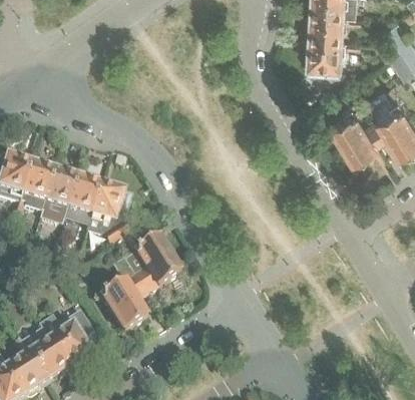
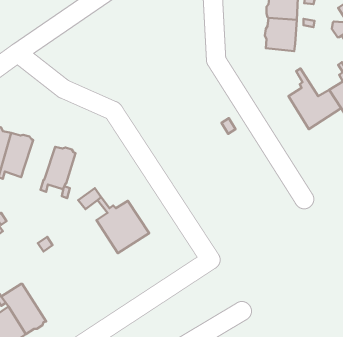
building: [43,170,78,211] -> none
building: [90,184,131,226] -> none
building: [102,258,146,332] -> none
building: [38,309,99,368] -> none

